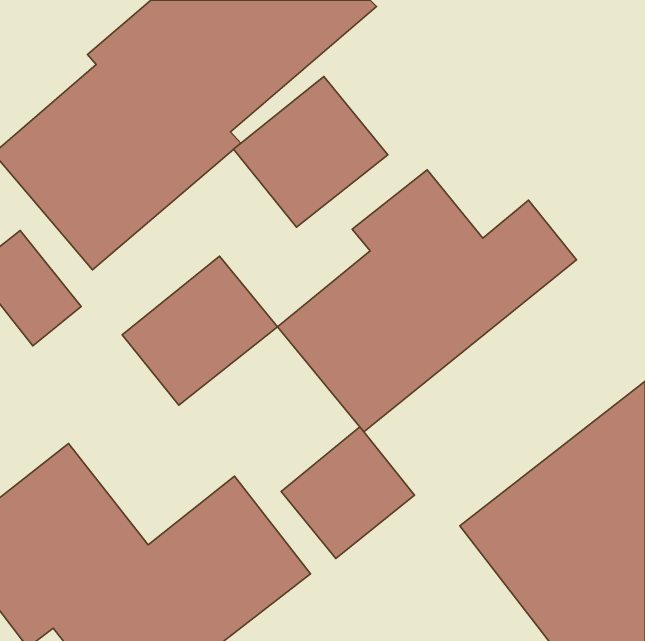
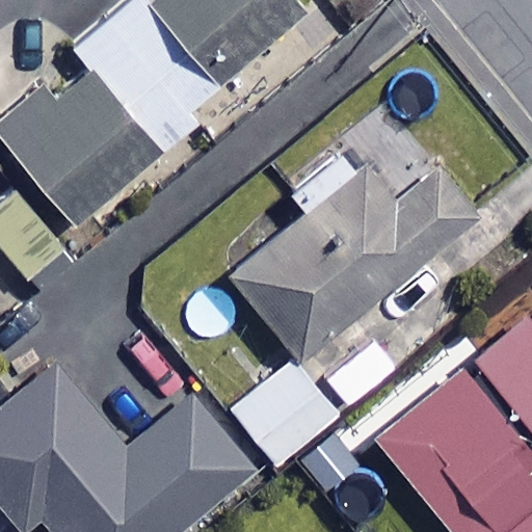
building: [234,76,388,227] -> none
building: [122,256,278,405] -> none

